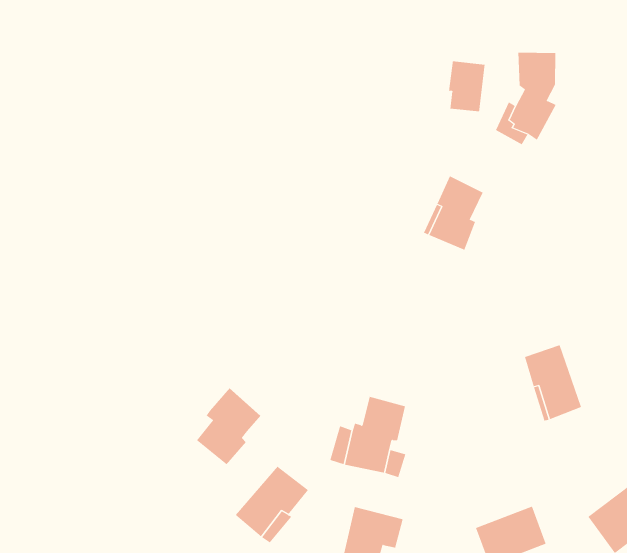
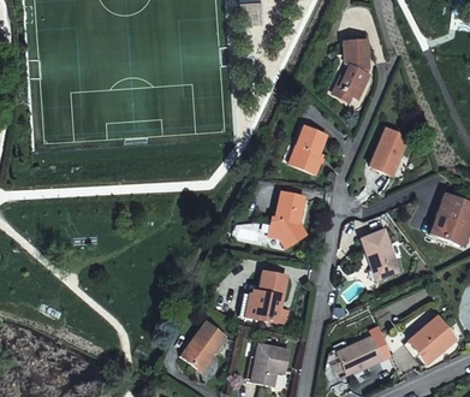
building: [449,61,485,112] -> none
building: none -> [370,128,409,173]
building: none -> [269,191,307,245]
building: [196,388,261,465] -> none

